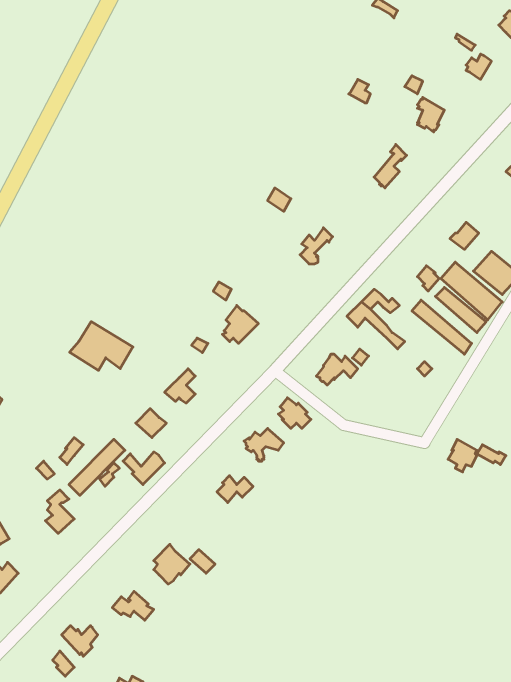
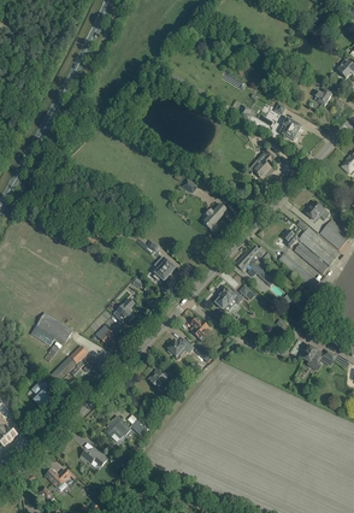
building: [70,322,133,370] -> [30,312,72,344]

